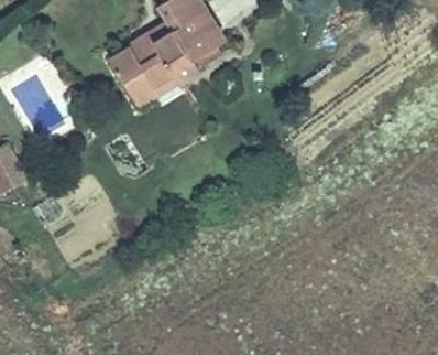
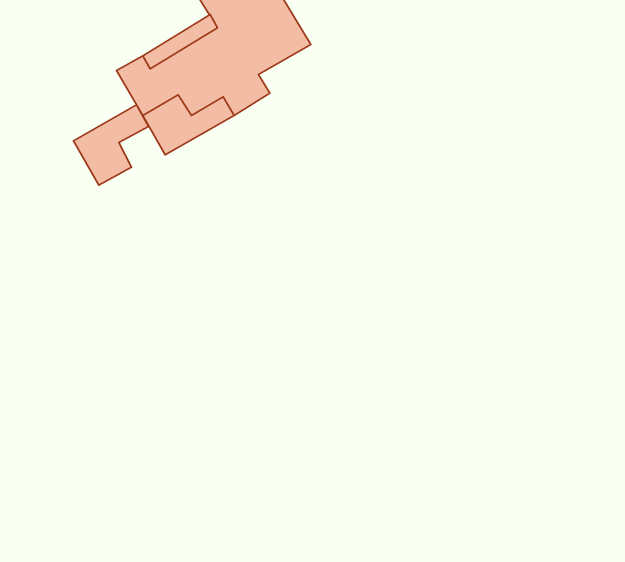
building: none -> [74,105,148,185]

